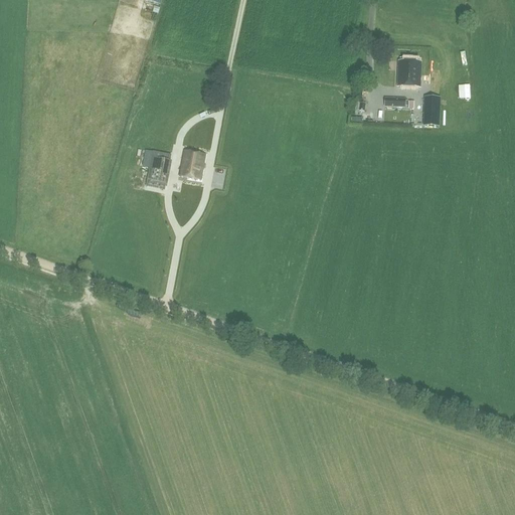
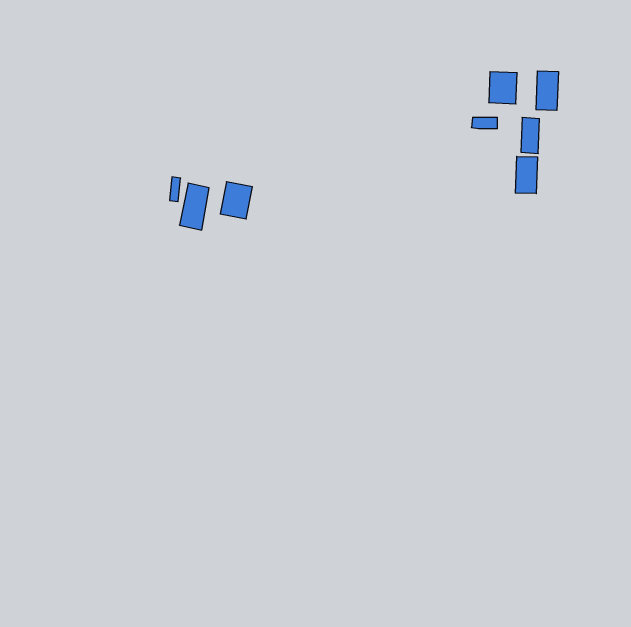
building: none -> [536,71,558,110]
building: none -> [515,156,537,194]

